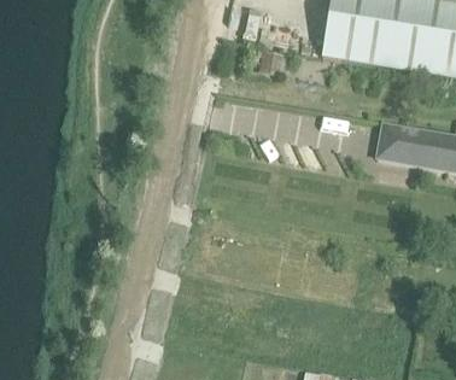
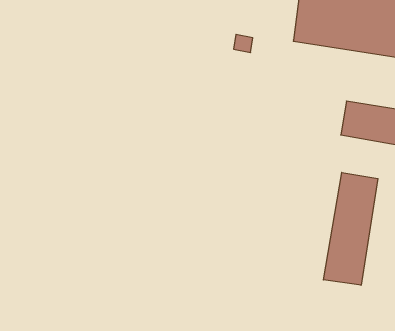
building: none -> [323,172,378,285]

